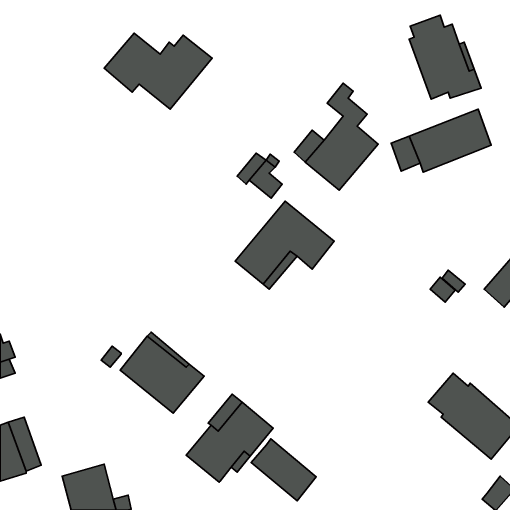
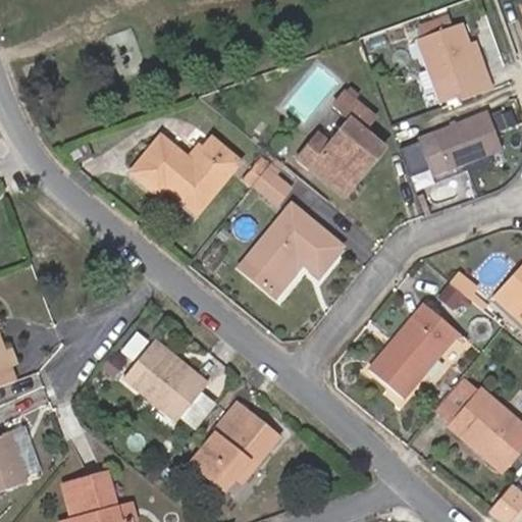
building: [104,33,212,109] -> [130,136,241,213]
building: none -> [369,304,459,399]
building: [251,439,316,501] -> none

